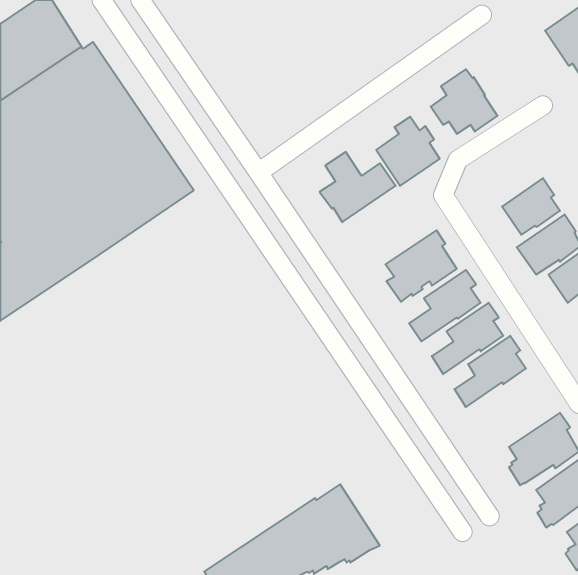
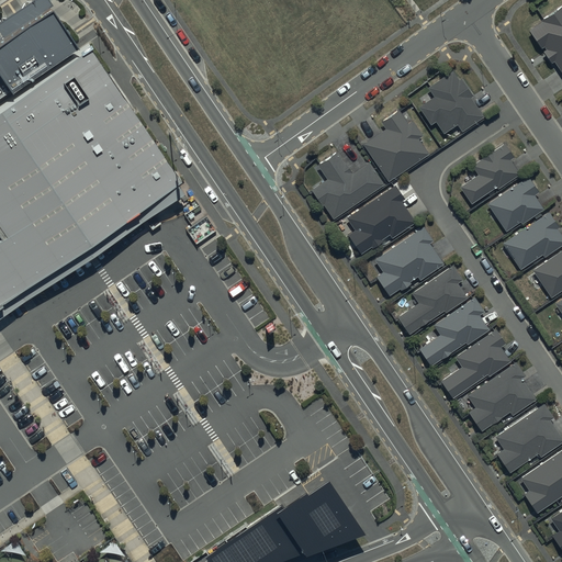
building: none -> [460,144,520,204]
building: none -> [346,186,415,254]
building: none -> [467,362,536,435]

